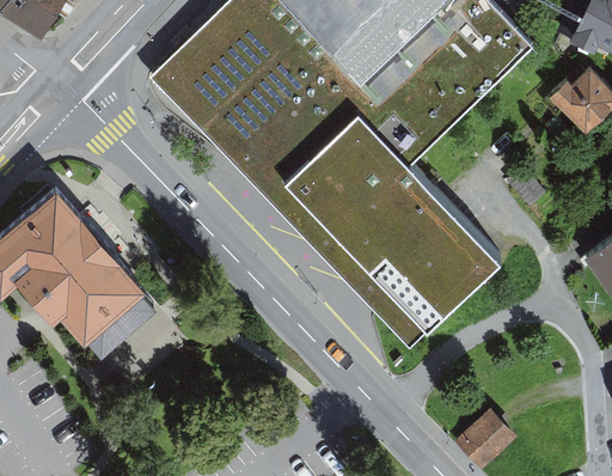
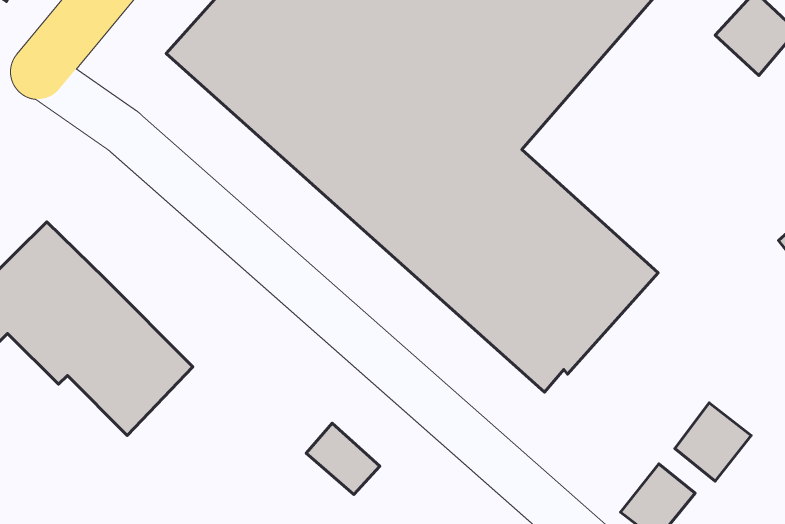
building: none -> [306,423,380,494]
building: none -> [675,403,751,481]

